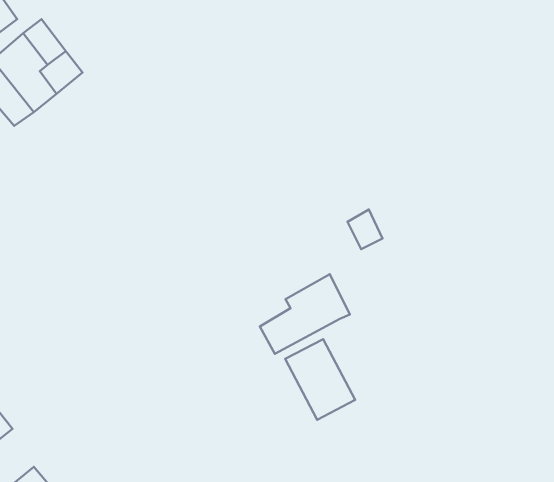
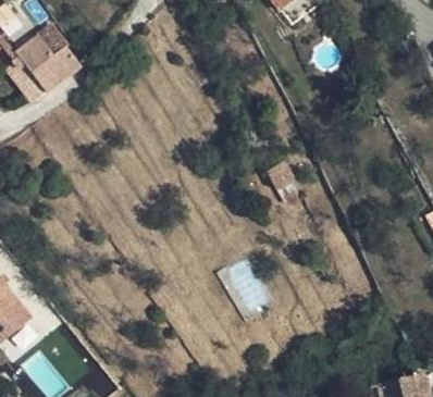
building: [260,274,350,354] -> none

